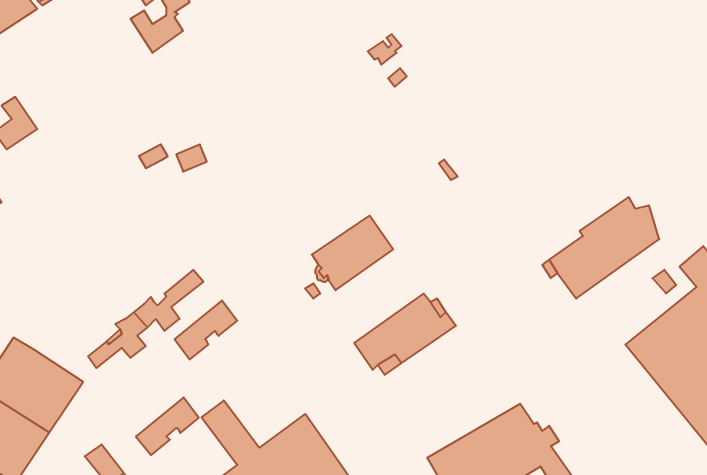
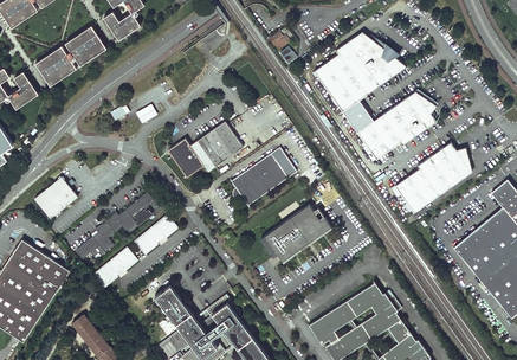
building: none -> [35,26,106,86]
building: none -> [314,32,406,112]
building: none -> [355,90,434,159]
building: none -> [167,123,241,178]
building: none -> [34,176,77,219]
building: [136,397,199,455] -> [93,247,137,288]

